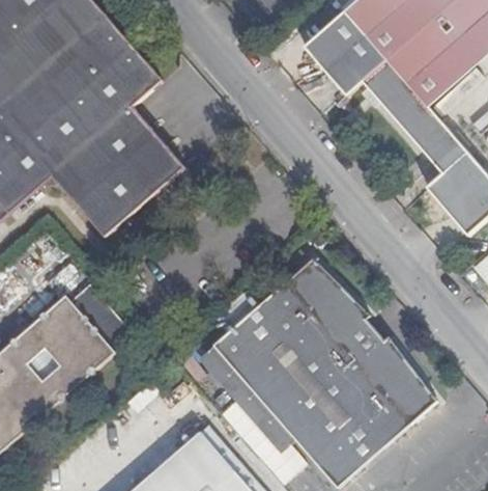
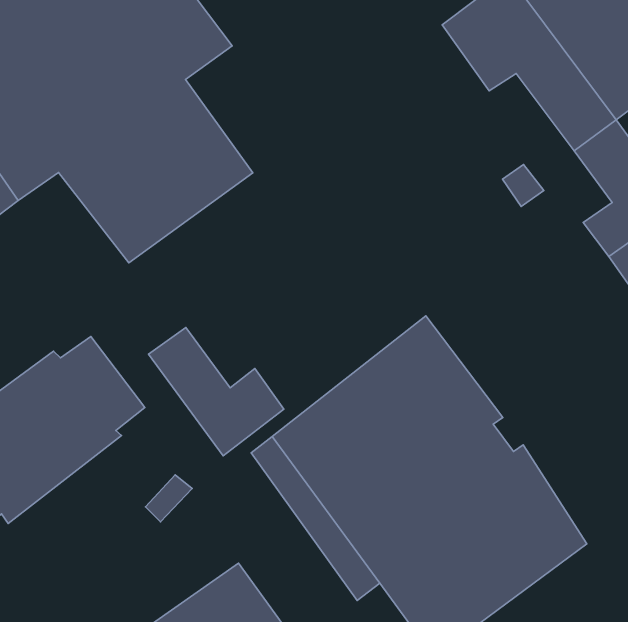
building: none -> [148,327,284,456]

